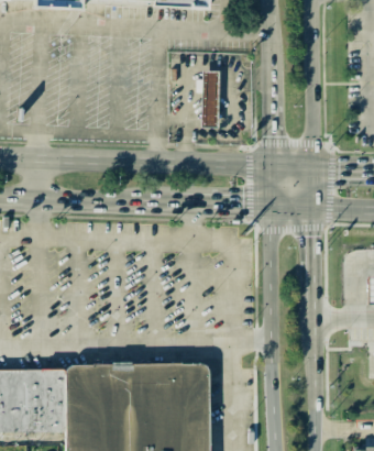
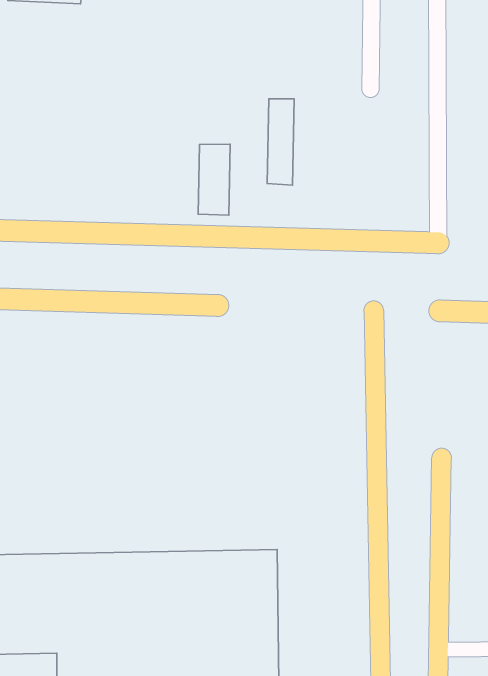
building: none -> [198,144,230,215]

